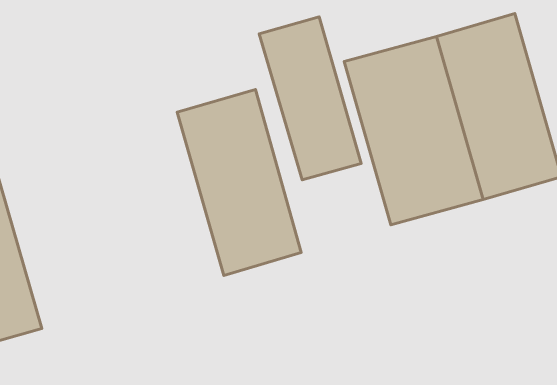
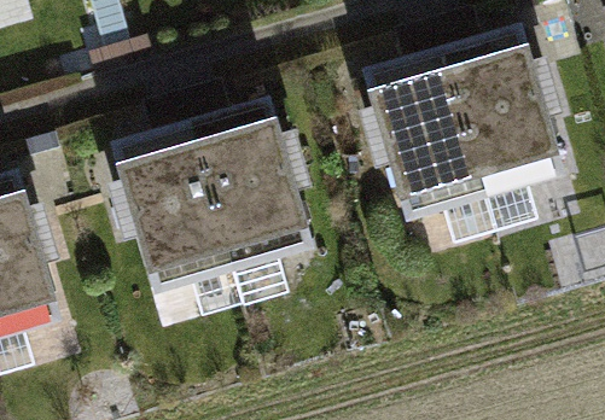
building: [259,17,361,180] -> none
building: none -> [114,134,246,314]

